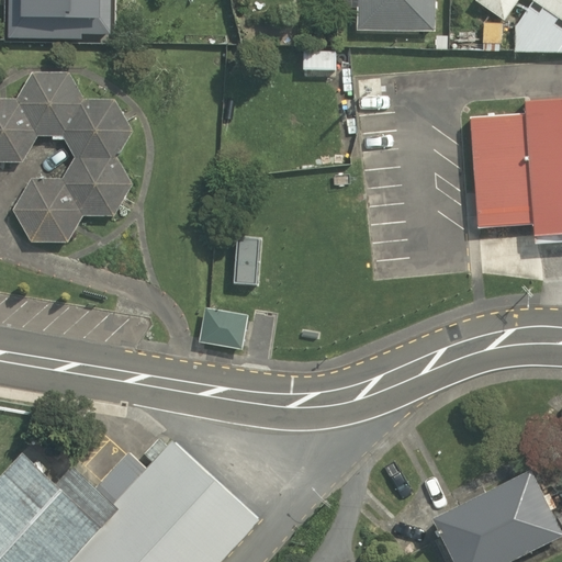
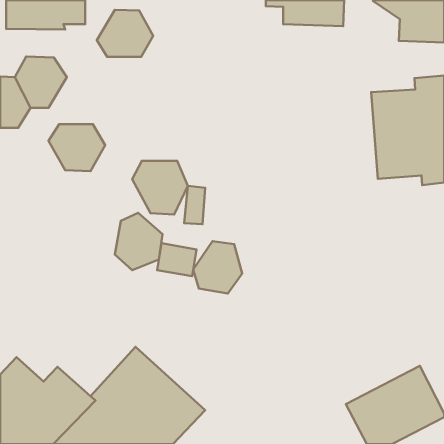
building: [61,98,133,157] -> [97,10,153,57]
building: [13,178,82,243] -> none
building: none -> [132,161,188,215]
building: none -> [115,213,163,270]
building: none -> [193,241,242,293]

